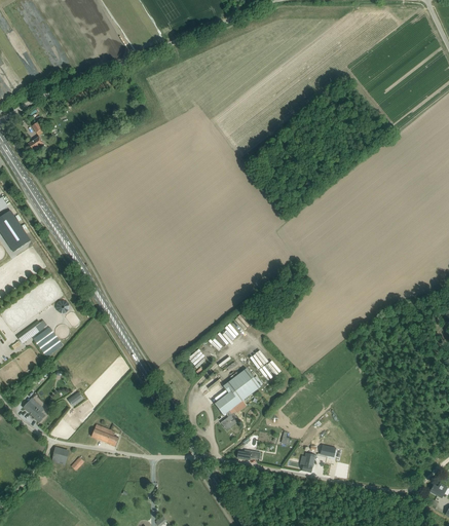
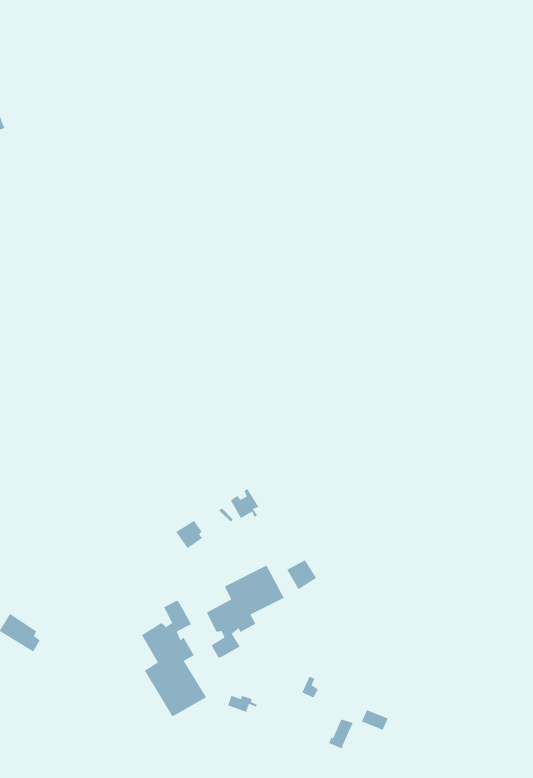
building: none -> [141,600,207,717]

